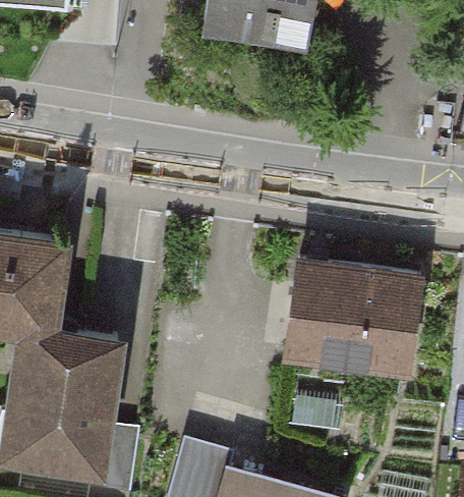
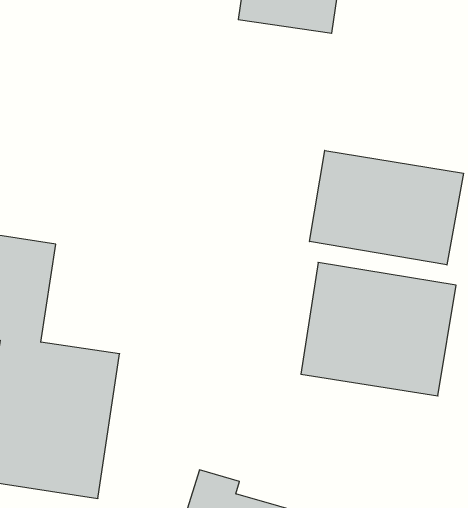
building: none -> [310,150,463,265]

